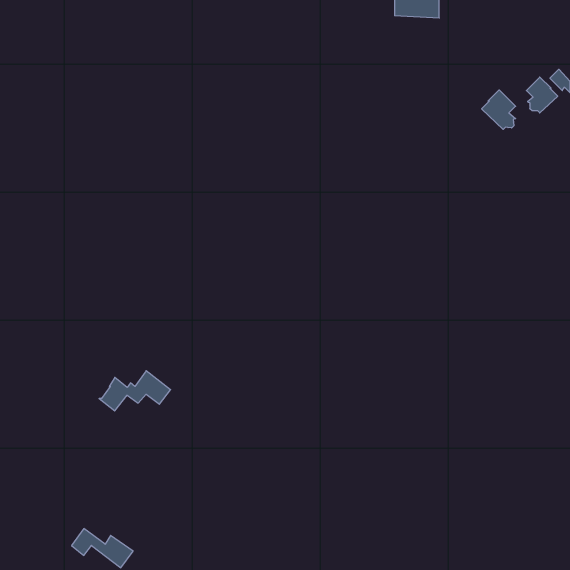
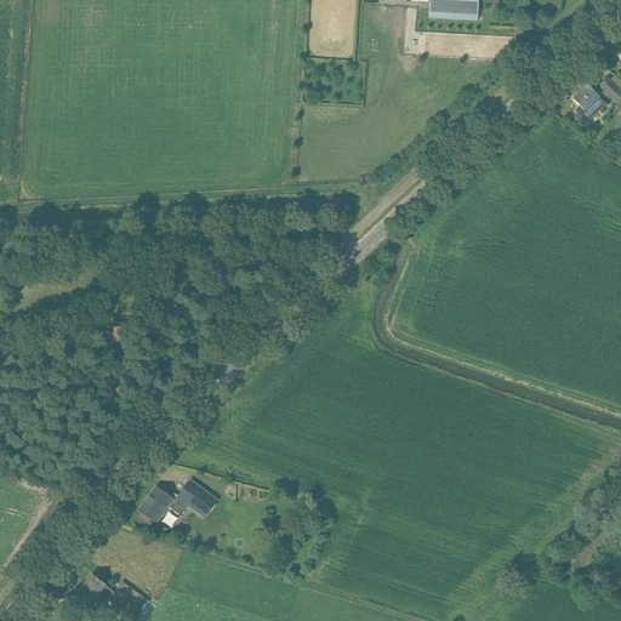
building: [482,90,516,129] -> none
building: [99,371,171,411] -> [138,479,216,523]

